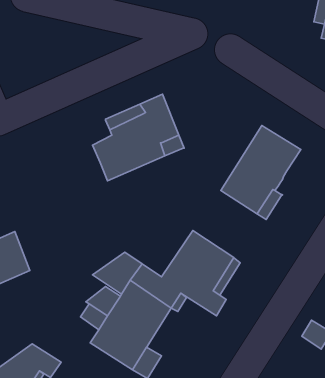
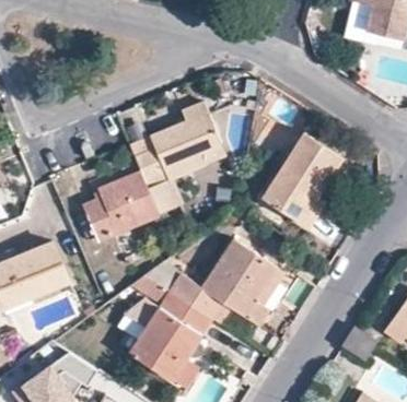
building: none -> [82,169,158,239]

